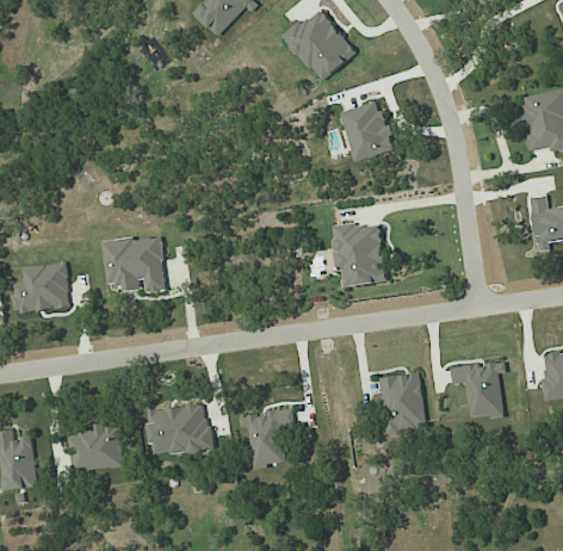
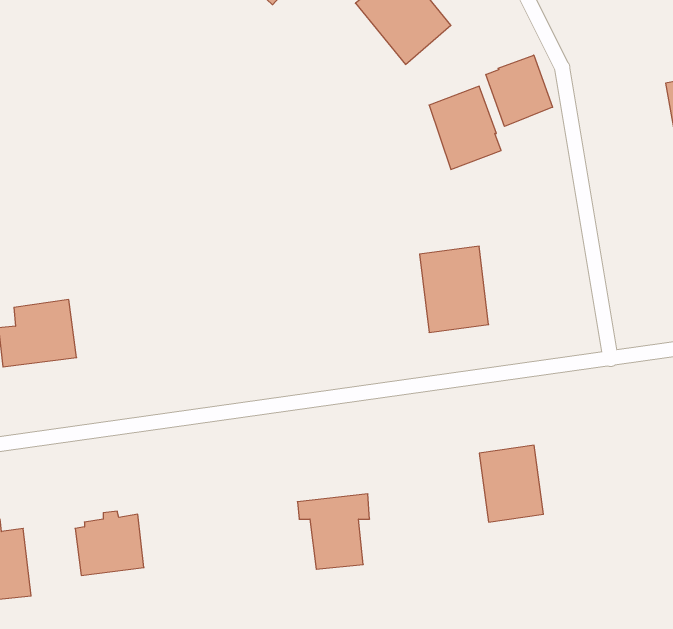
building: none -> [486,55,553,126]
building: [100,234,166,292] -> none
building: [450,361,505,416] -> none
building: [147,403,210,453] -> none

